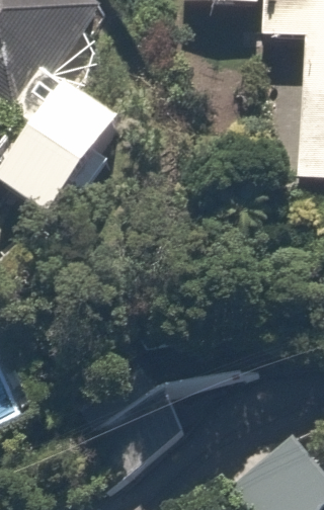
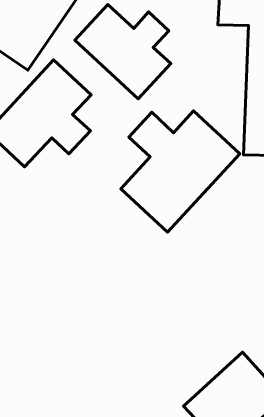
building: none -> [75,5,171,99]
building: none -> [121,111,240,232]

